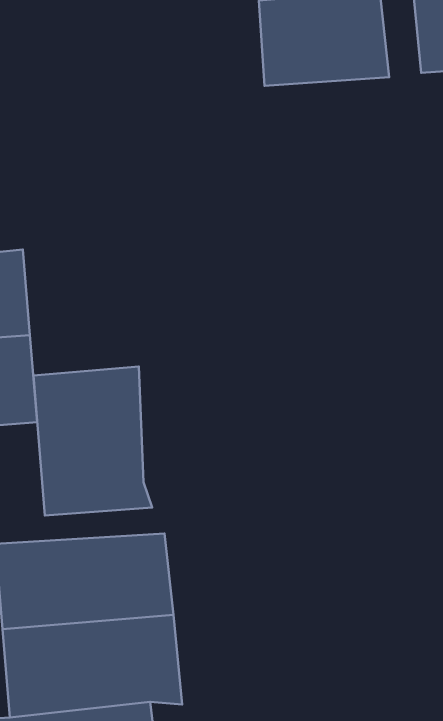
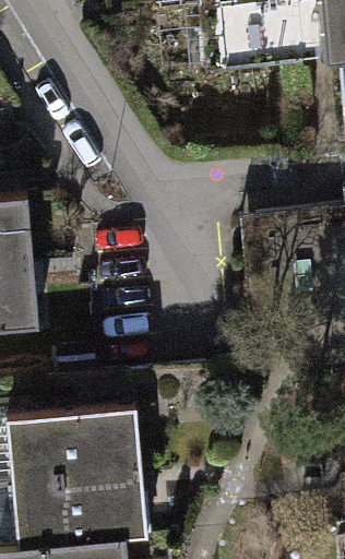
building: [33,366,152,515] -> none

